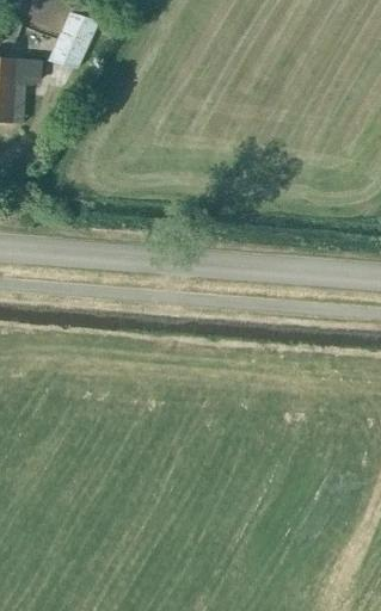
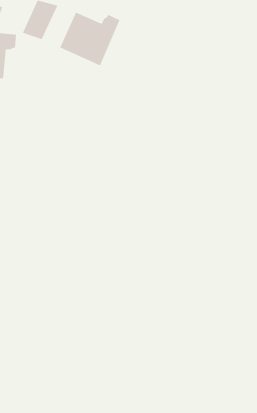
building: none -> [59,12,121,67]

